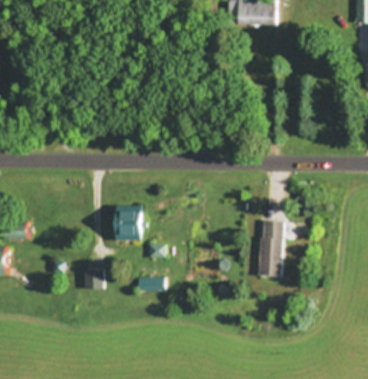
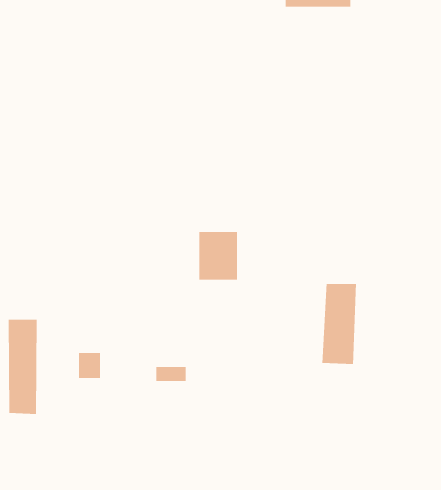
building: [114,206,142,241] -> [198,231,238,280]
building: none -> [8,319,38,415]

